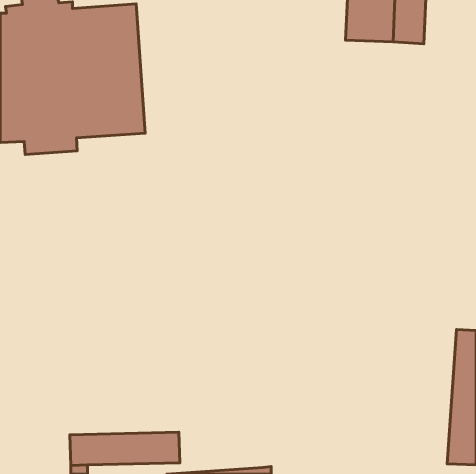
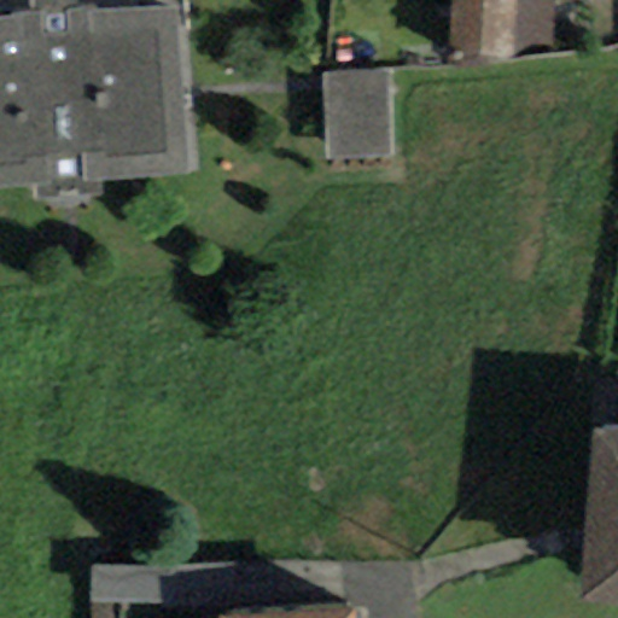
building: none -> [322,69,390,156]

